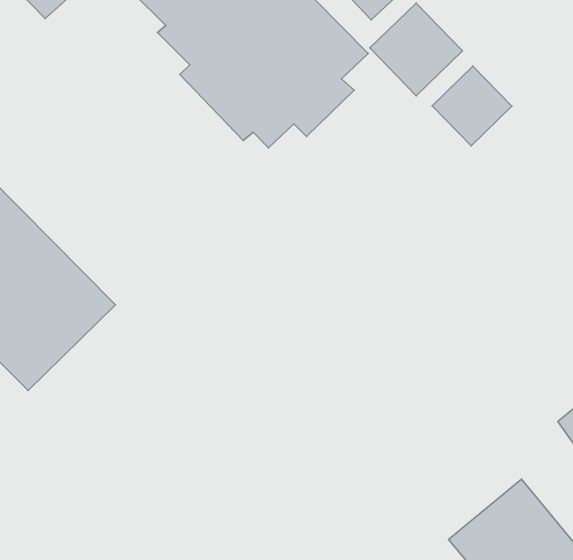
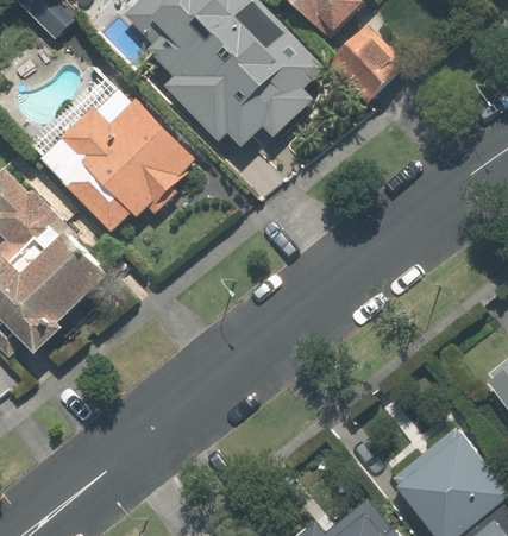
building: [432,66,512,146] -> none
building: none -> [40,97,197,232]

